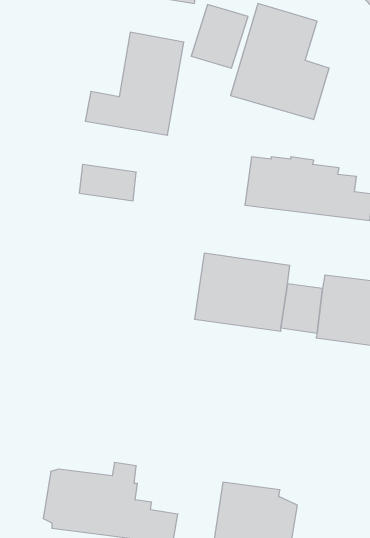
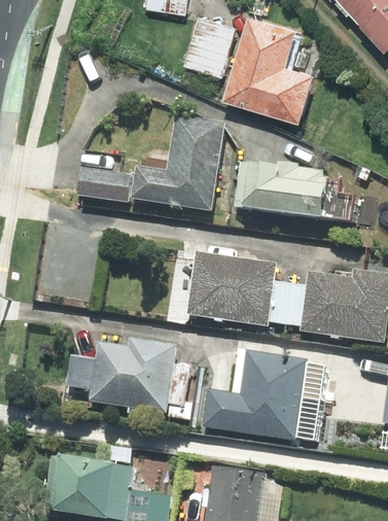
building: [85,32,184,135] -> [133,112,225,209]
building: none -> [67,339,176,412]
building: none -> [204,351,324,440]

